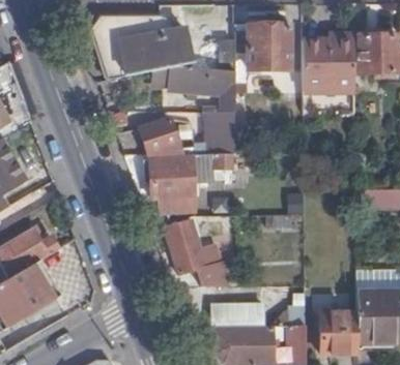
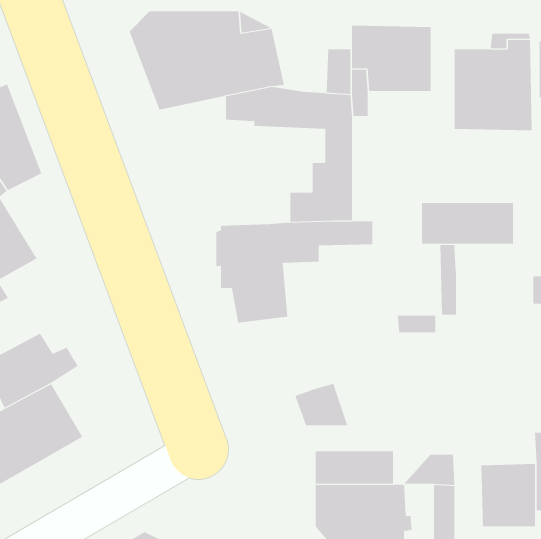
building: [141,120,181,156] -> none
building: none -> [421,202,514,244]
building: [165,221,209,273] -> none

